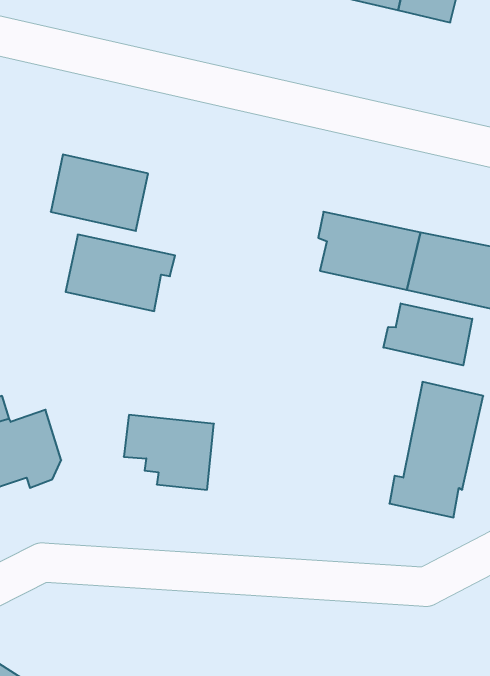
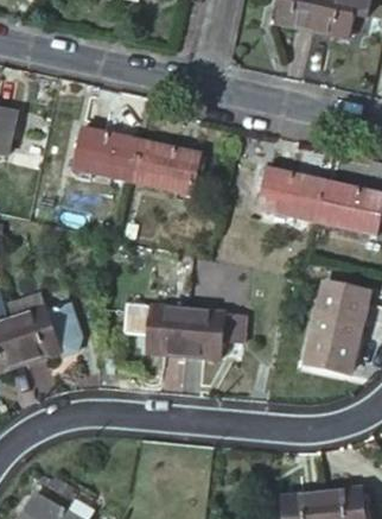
building: [66,235,175,311] -> [132,139,206,191]
building: [383,303,472,365] -> none
building: none -> [180,310,246,359]

